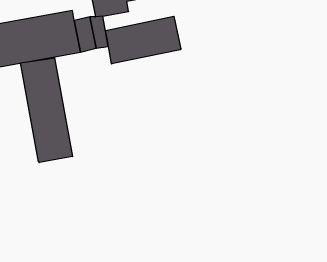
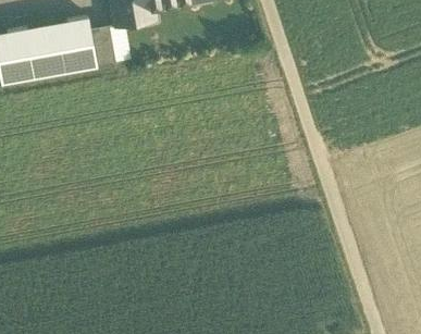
building: [105,16,181,64] -> none
building: [20,58,73,163] -> none

